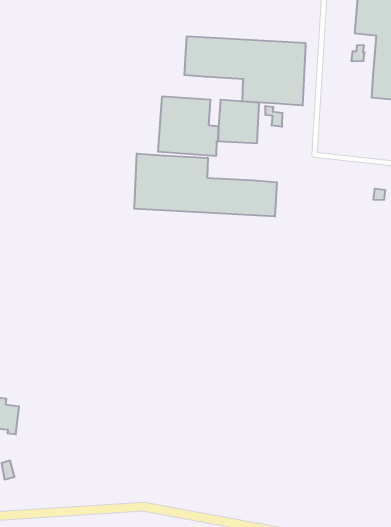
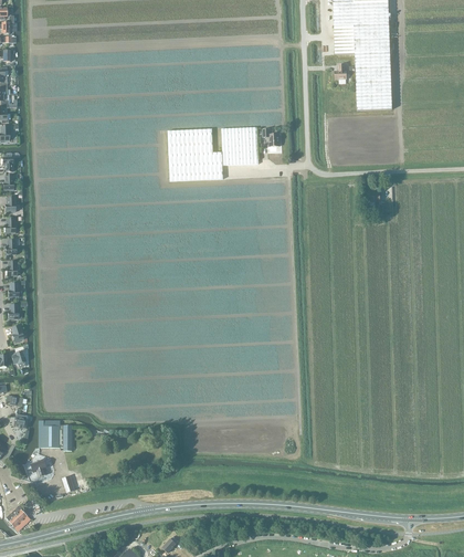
building: [185,36,305,106] -> none
building: [134,153,277,217] -> none

